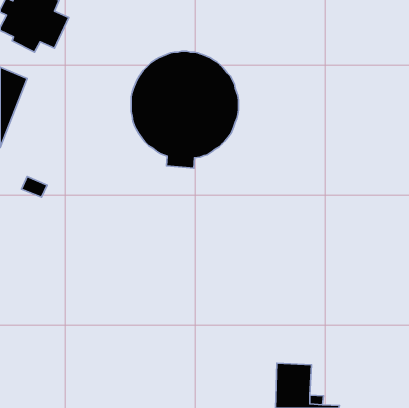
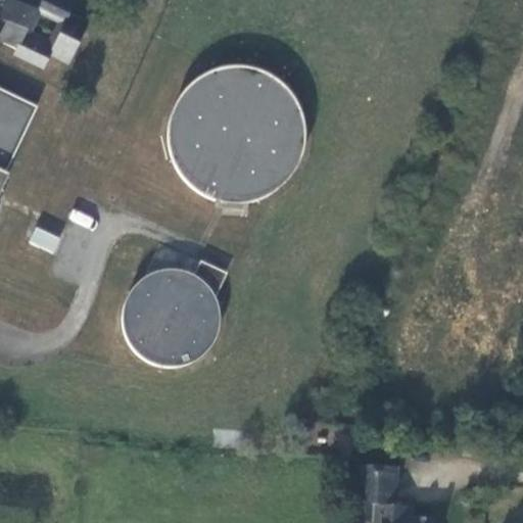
building: none -> [122,259,227,367]

